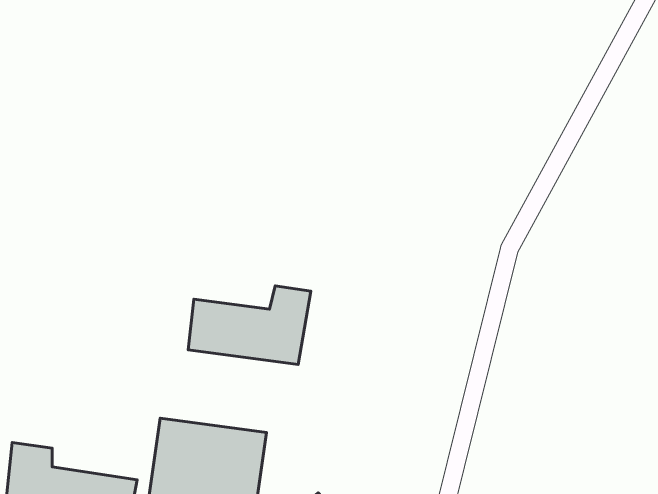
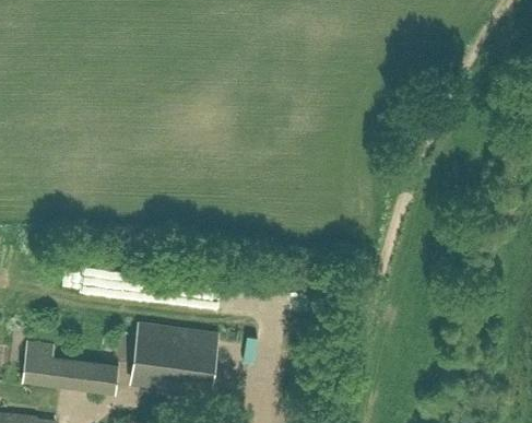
building: [188,286,311,365] -> none

